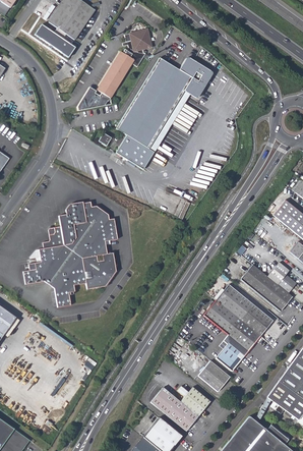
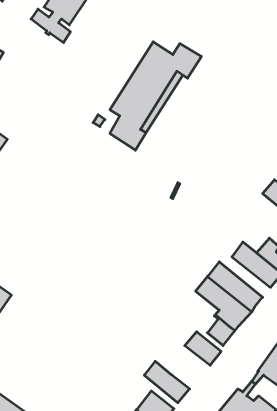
building: [78,24,154,110] -> none
building: [22,202,117,307] -> none
building: [178,386,210,415] -> none

